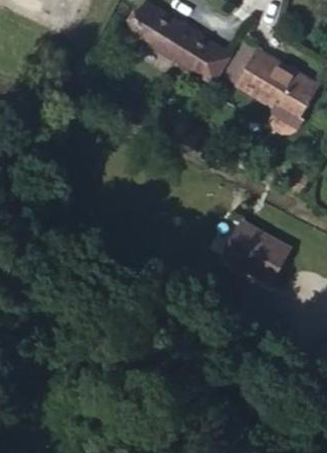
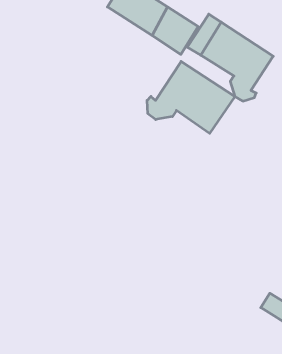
building: none -> [147,61,235,133]
building: [211,223,282,291] -> none

